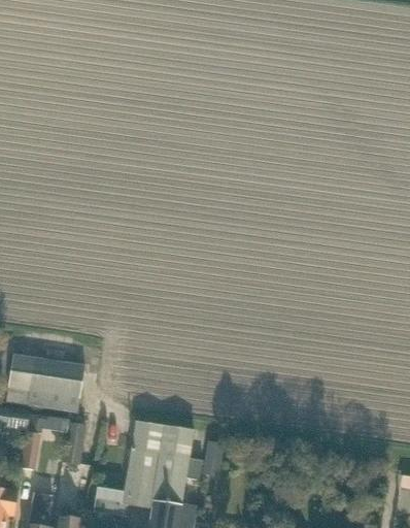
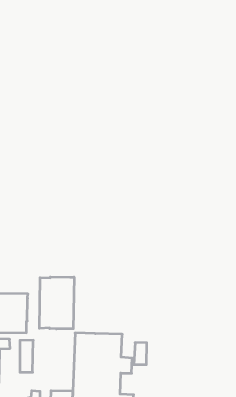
building: none -> [39,277,74,329]

